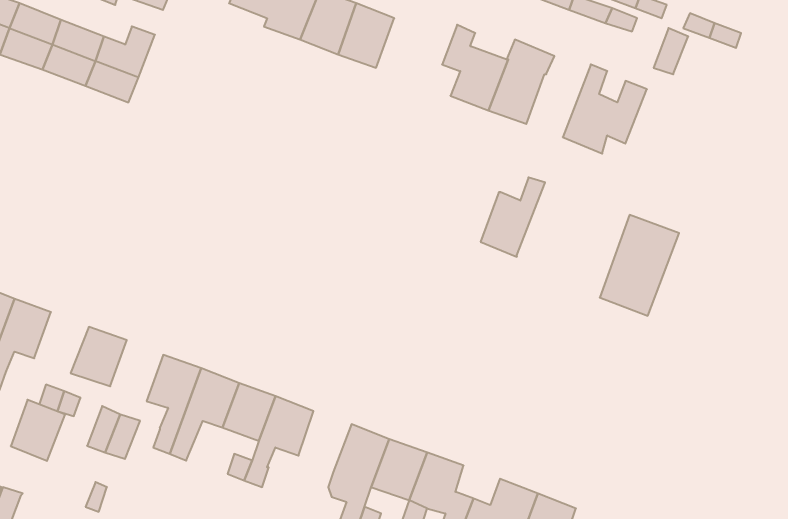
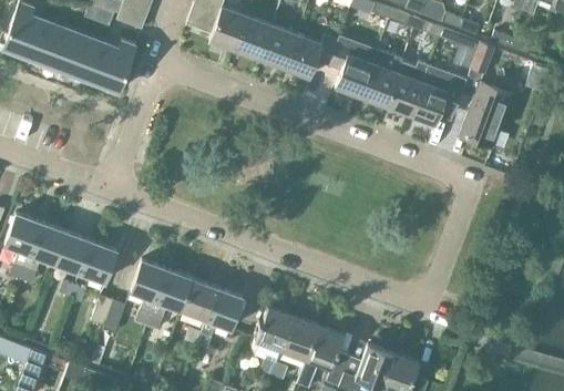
building: none -> [285,34,339,78]
building: [481,177,545,257] -> [386,62,429,115]
building: [600,215,679,316] -> [460,81,513,148]
building: [11,400,65,461] -> [55,231,92,272]

